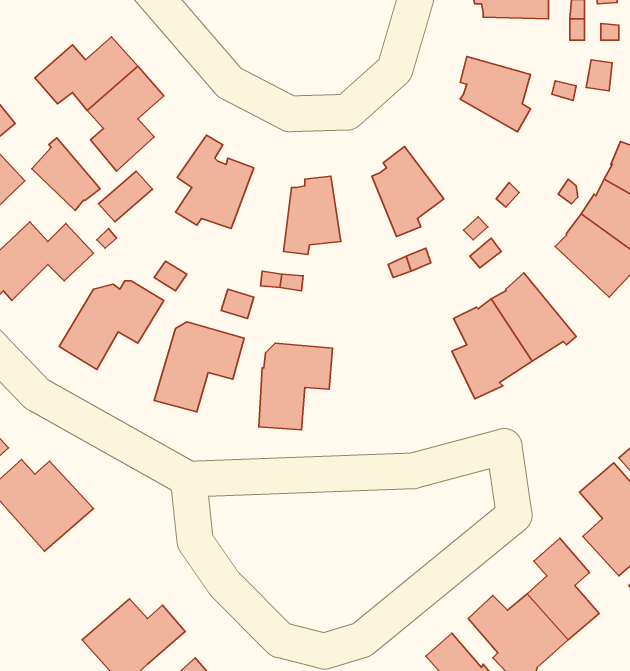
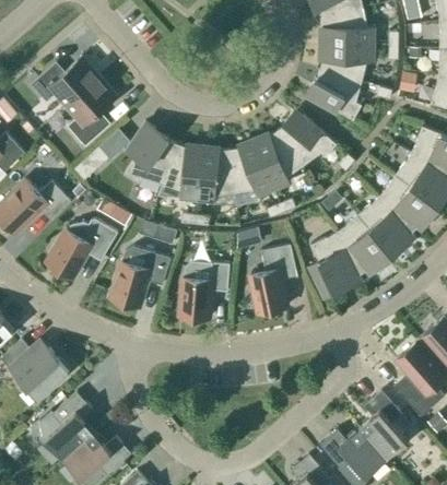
building: none -> [319,44,374,82]
building: none -> [278,116,337,165]
building: [32,138,100,211] -> none
building: none -> [162,144,202,200]
building: none -> [228,146,272,197]
building: none -> [357,197,414,257]
building: none -> [250,245,297,314]
building: none -> [38,392,94,459]

